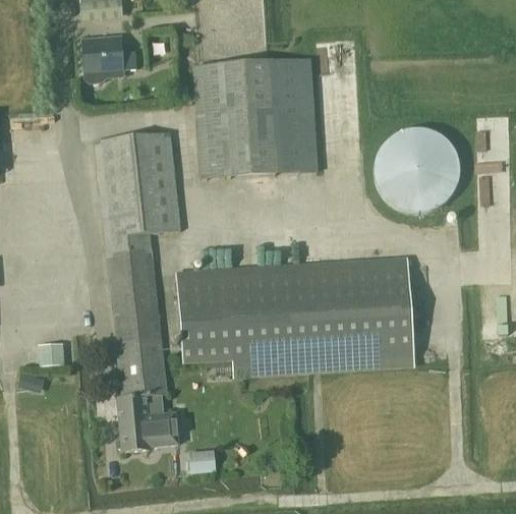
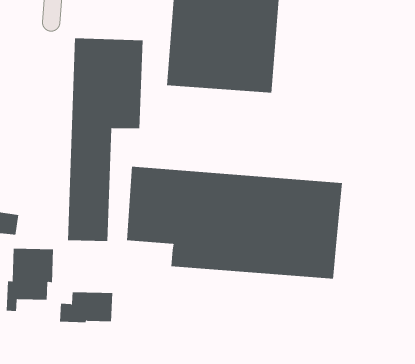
building: [378,124,459,206] -> none
building: [117,357,167,432] -> [6,248,54,312]
building: [183,450,213,472] -> none

